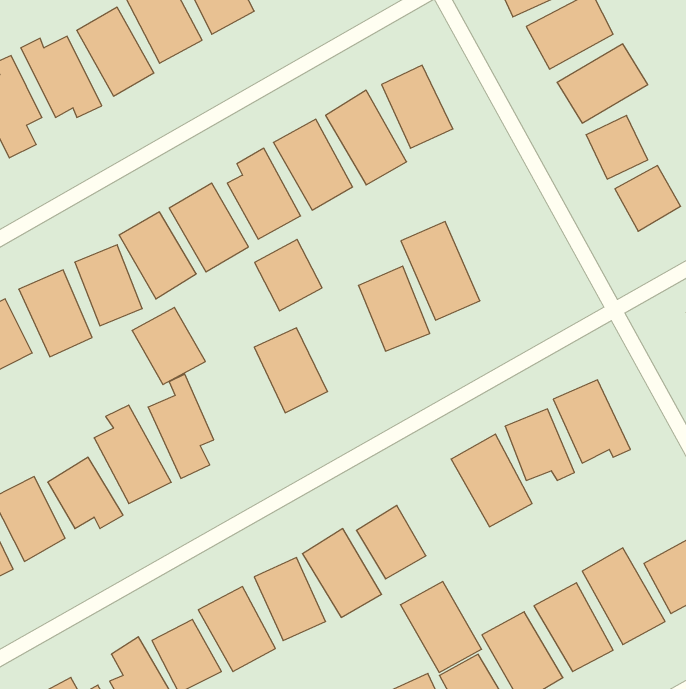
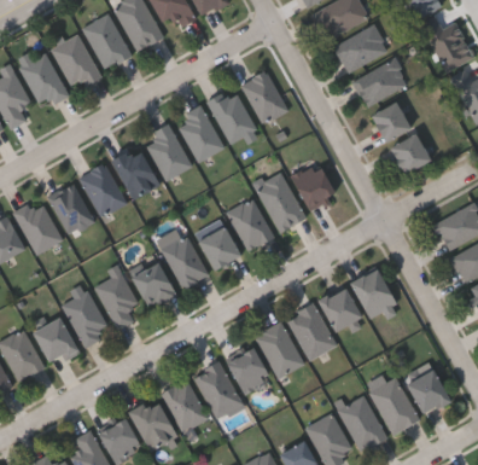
building: none -> [291,162,336,208]
building: [255,239,322,311] -> [198,225,240,269]
building: [132,307,205,385] -> [132,261,177,309]
building: [400,582,482,672] -> [255,321,305,378]

